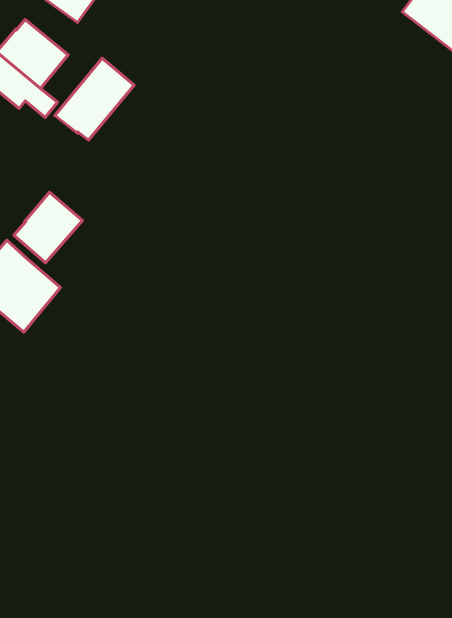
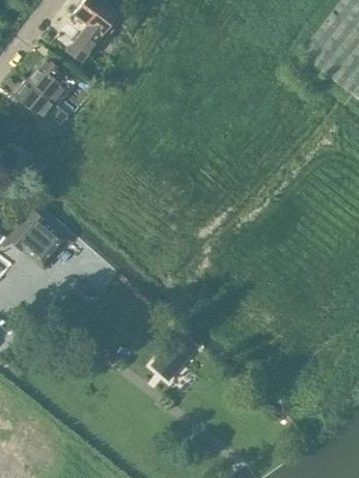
building: [55,58,134,140] -> none
building: [14,192,82,263] -> none

